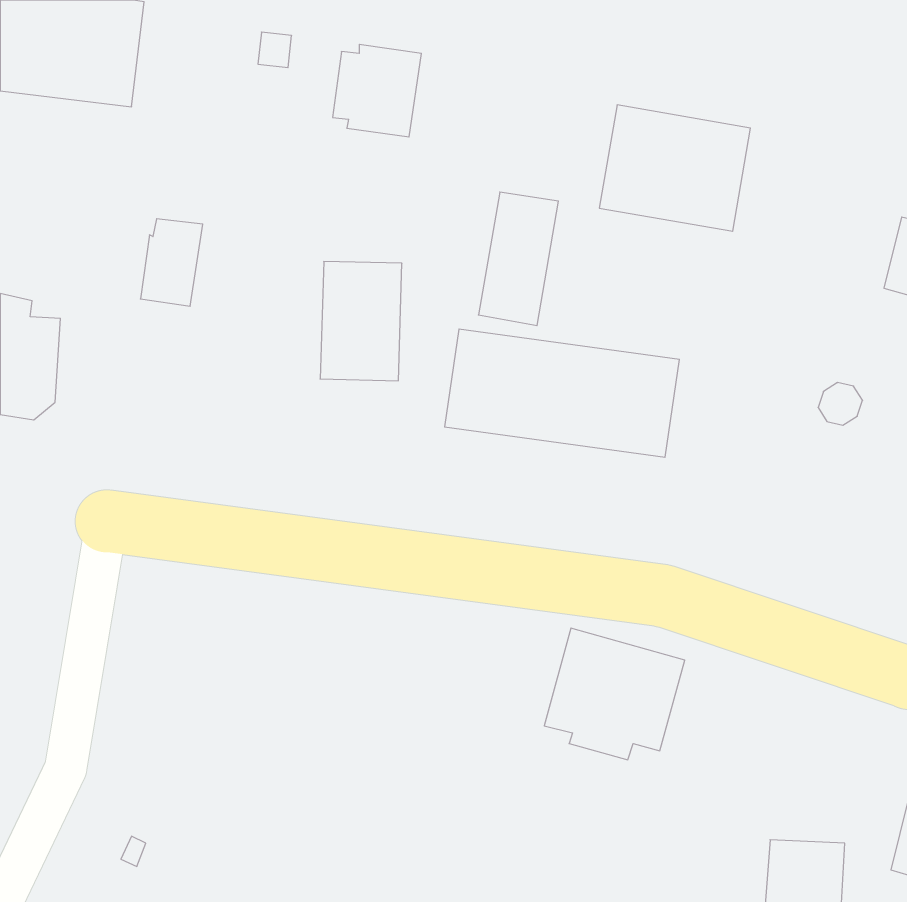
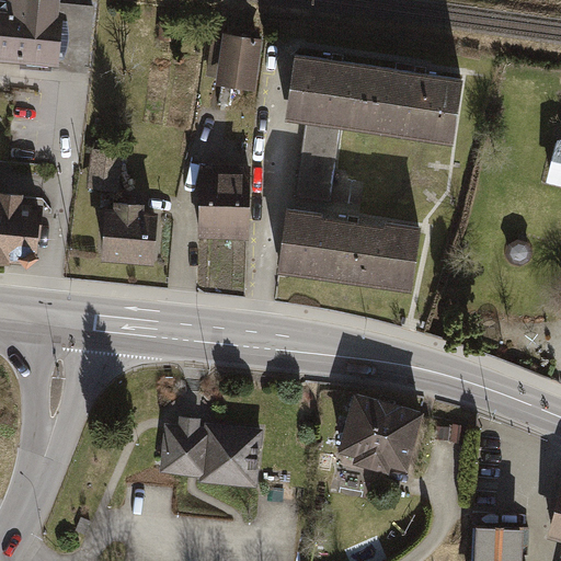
building: none -> [287,55,381,133]
building: none -> [100,202,156,263]
building: none -> [163,421,265,491]

